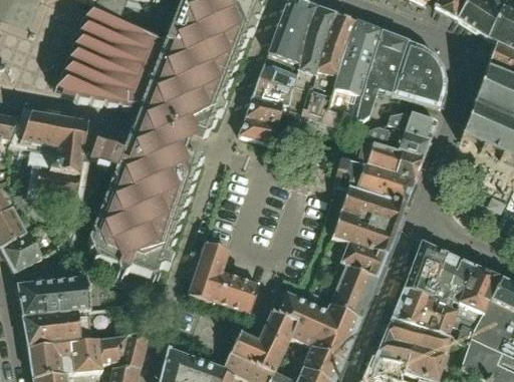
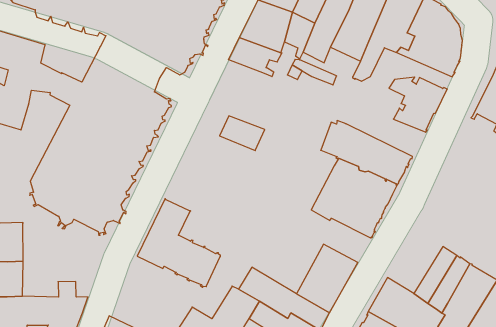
building: [240,115,278,142] -> [220,116,265,151]
building: [353,123,423,179] -> none
building: [341,241,387,276] -> none
building: [405,242,449,297] -> none

